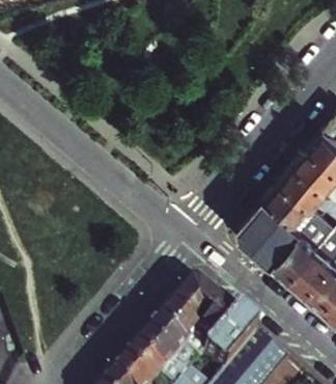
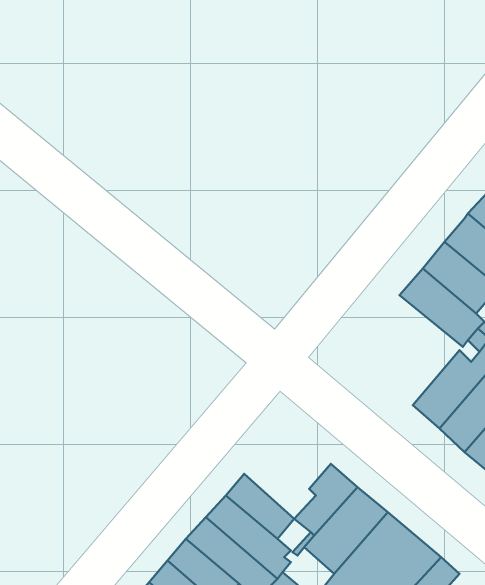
building: [237,195,303,264] -> none
building: [167,281,221,334] -> none

